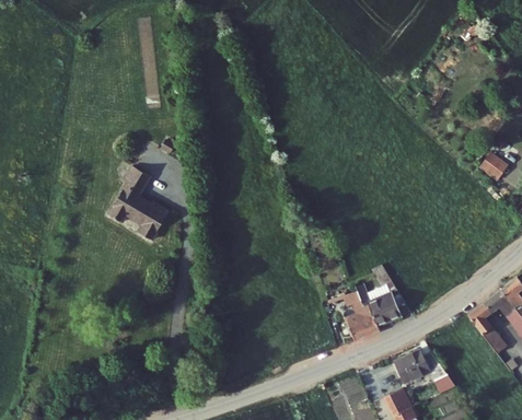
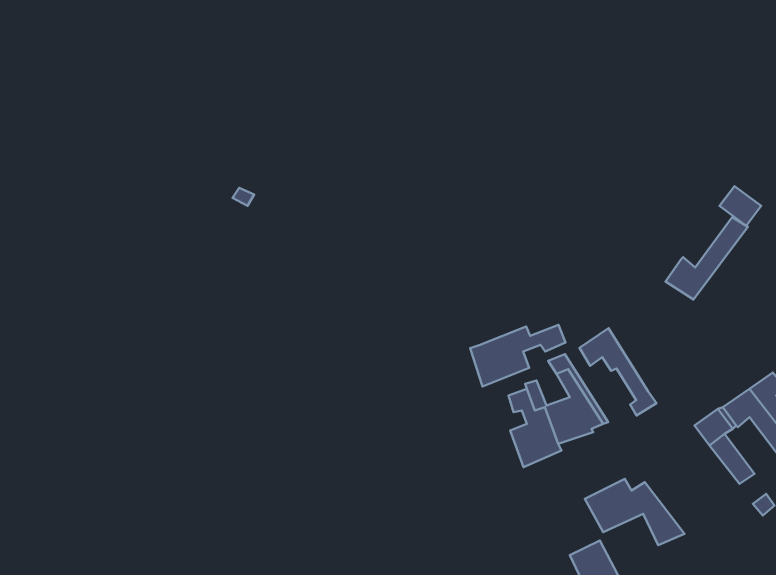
building: [107,165,167,237] -> none
building: none -> [666,217,748,299]
building: none -> [470,325,566,386]
building: none -> [579,328,656,416]

